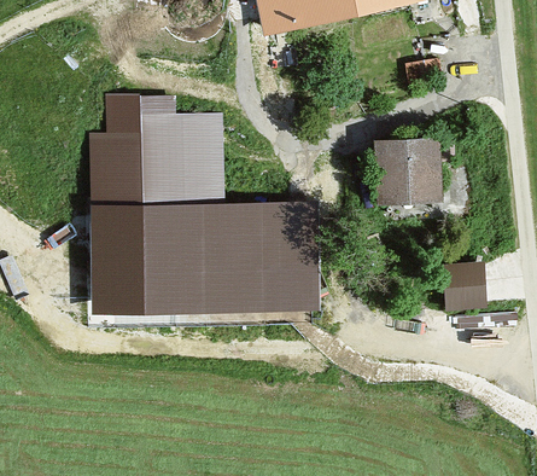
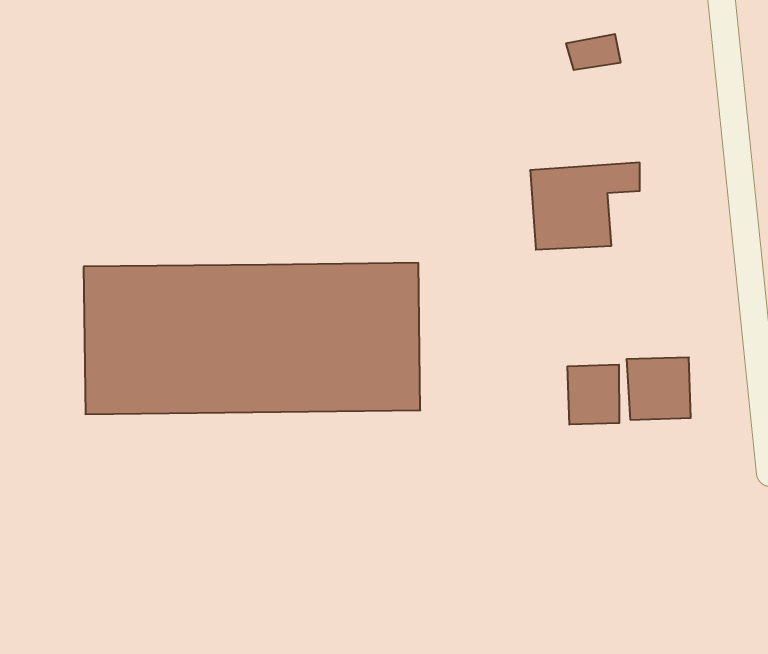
building: [92,104,210,211] -> none
building: none -> [568,365,619,425]

